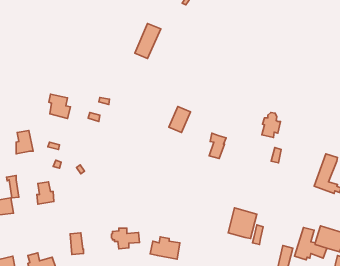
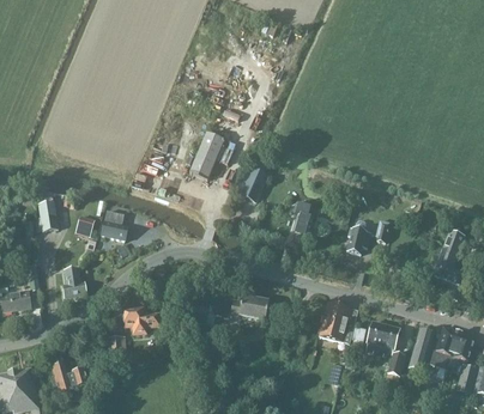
building: [135,24,161,59] -> [192,132,226,178]
building: [49,94,70,118] -> [101,208,129,241]
building: [262,112,281,138] -> [347,219,373,252]
building: none -> [367,319,400,349]
building: [112,228,139,249] -> [125,306,162,334]
building: [150,237,180,259] -> [231,291,271,321]

